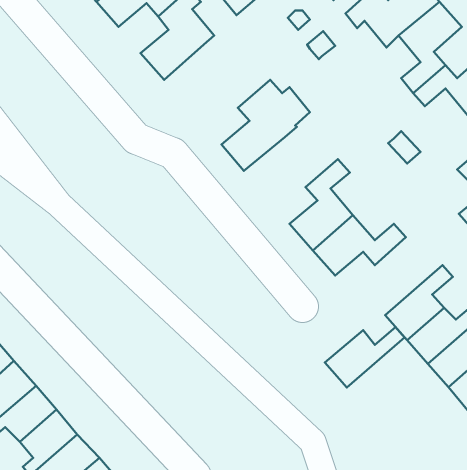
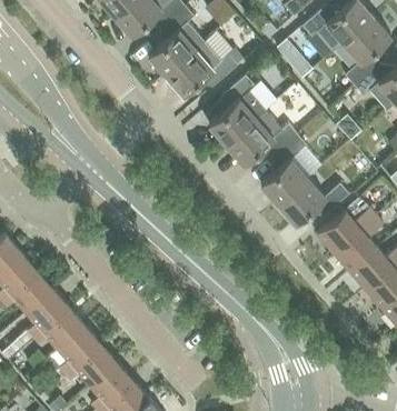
building: none -> [166,42,237,94]
building: none -> [226,111,297,164]
building: [325,327,404,387] -> [316,208,376,253]

